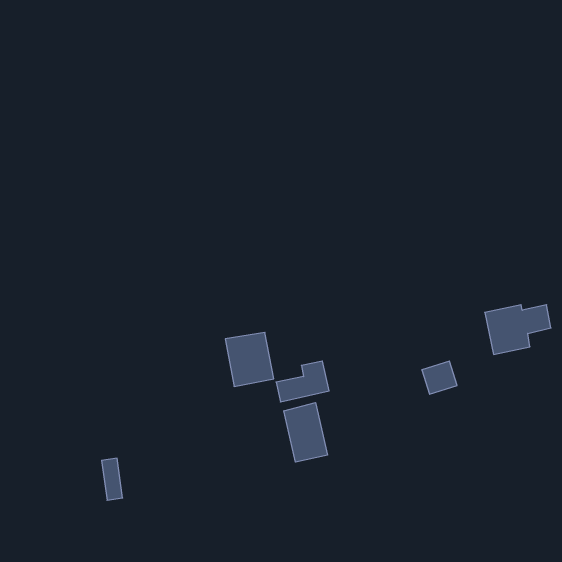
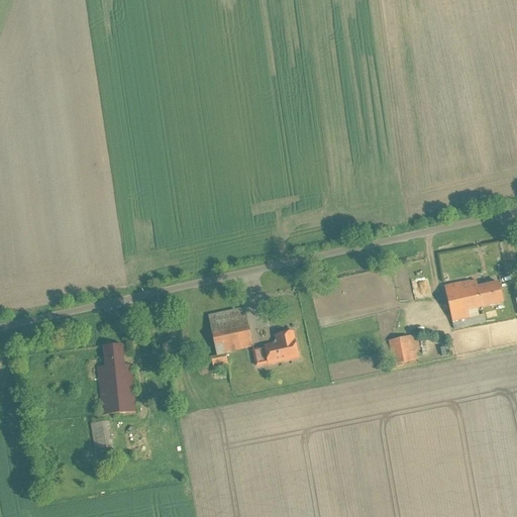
building: none -> [98,344,137,414]
building: [284,403,327,462] -> none

